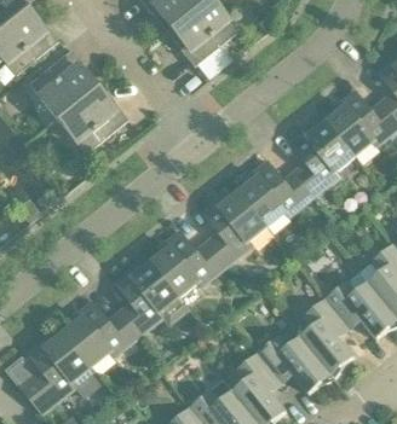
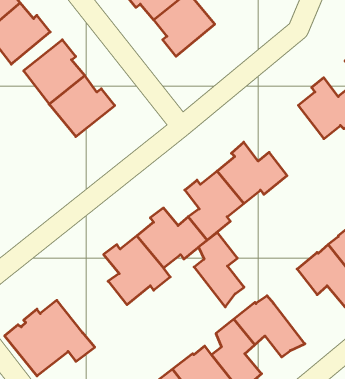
building: [290,120,355,196] -> none
building: [300,297,355,378] -> [194,233,244,307]
building: [64,301,140,366] -> none

